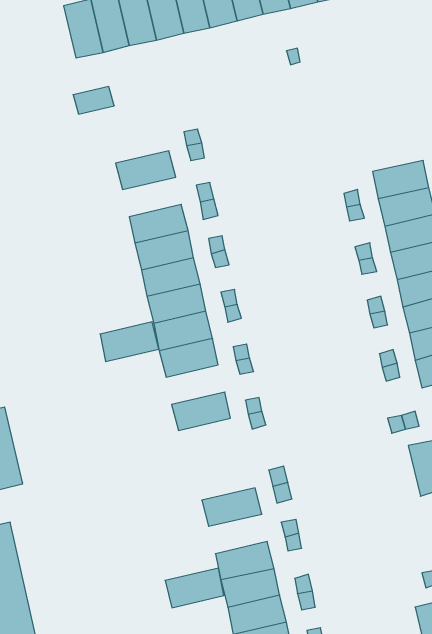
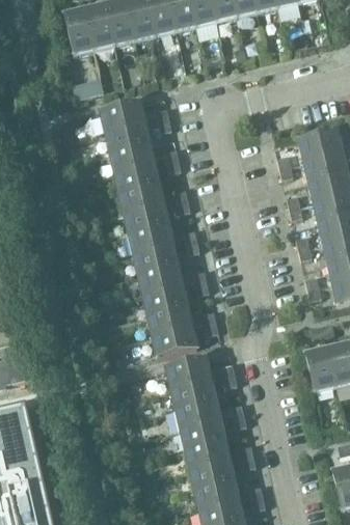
building: none -> [101,104,145,134]
building: none -> [110,144,155,174]
building: [100,322,159,362] -> [143,286,188,316]
building: none -> [153,327,197,357]
building: none -> [306,348,336,391]
building: none -> [166,359,211,389]
building: [165,568,224,608] -> [176,399,220,430]

